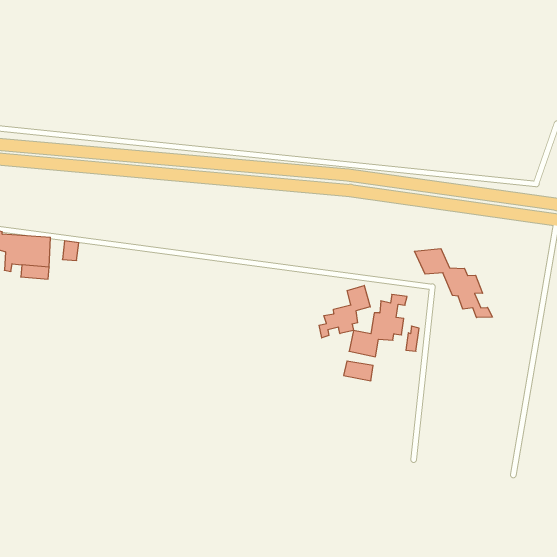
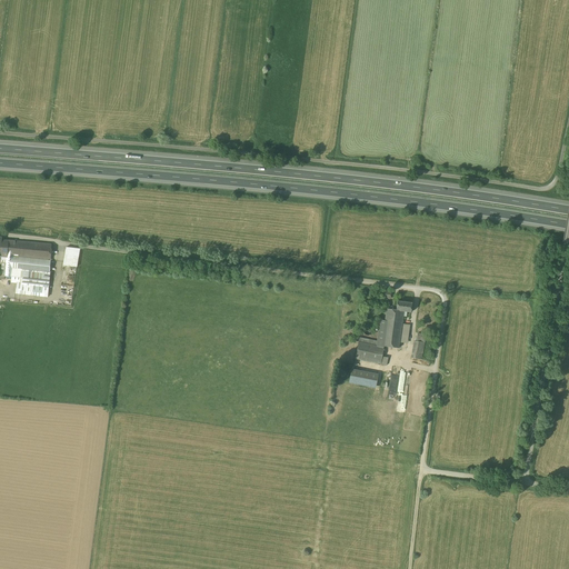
building: [414,249,492,318] -> none
building: [319,285,370,338] -> none

